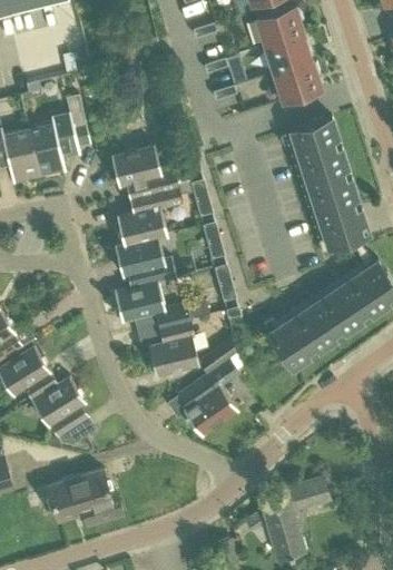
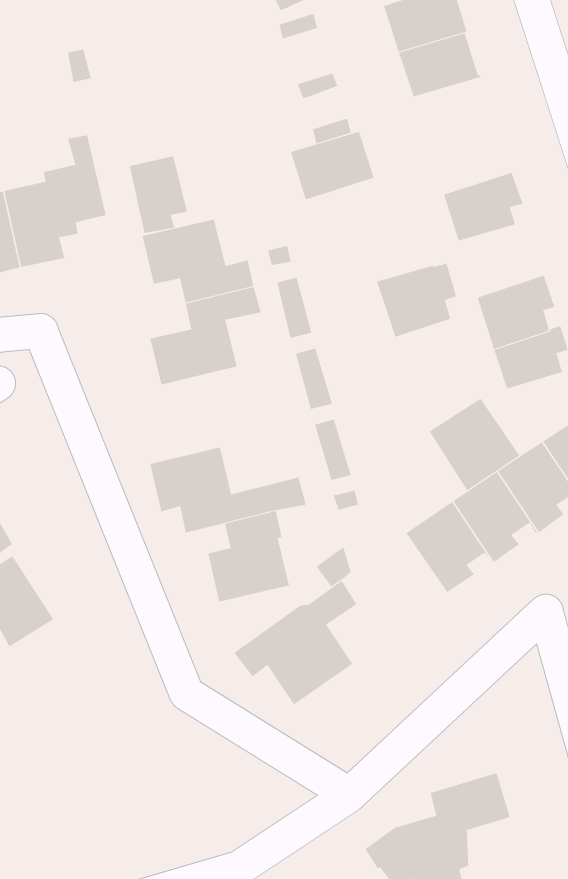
building: [273,61,323,102] -> [290,131,374,200]
building: none -> [129,156,187,234]
building: [299,148,347,193] -> [376,263,457,338]
building: [116,236,176,286] -> none
building: none -> [429,398,520,491]
building: [32,377,86,438] -> none
building: [33,470,122,521] -> none

